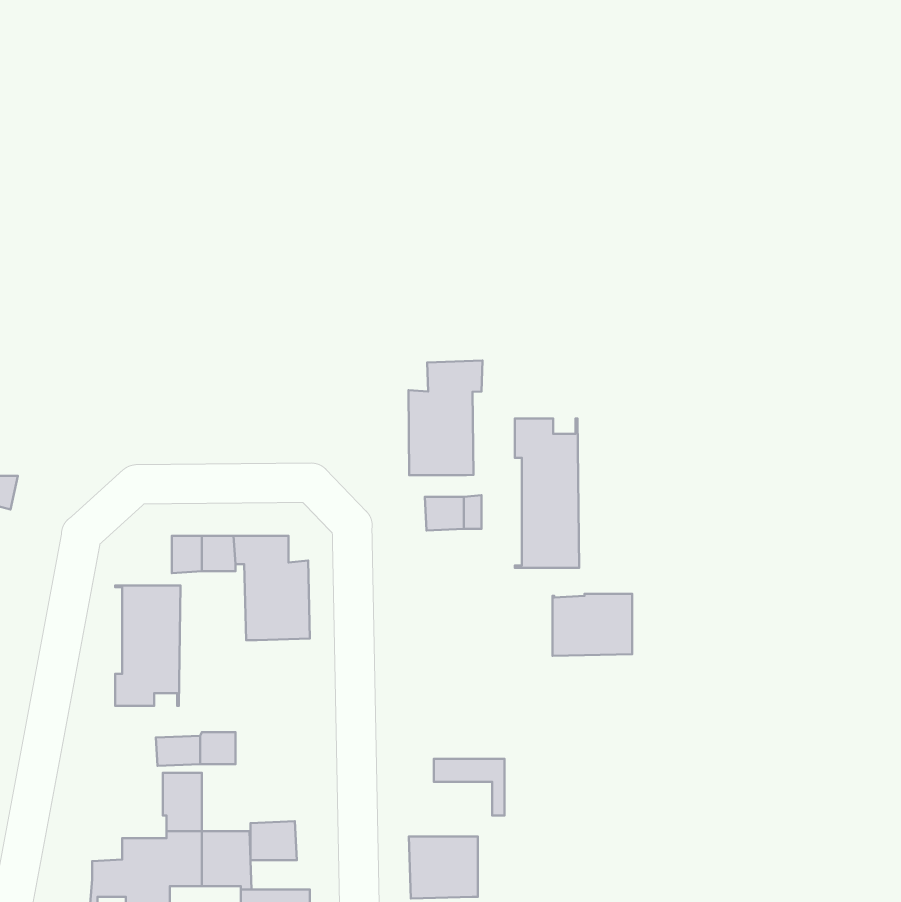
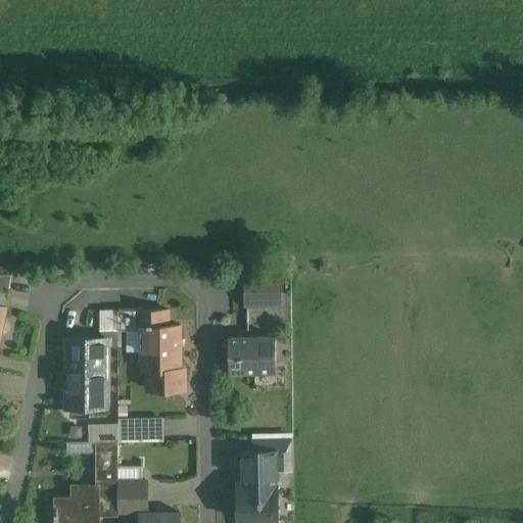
building: [408,361,482,475] -> none
building: [515,418,579,568] -> none
building: [553,594,632,656] -> [228,337,274,373]
building: none -> [146,370,183,396]
building: none -> [236,453,284,484]
building: [251,821,297,860] -> [136,420,162,442]

